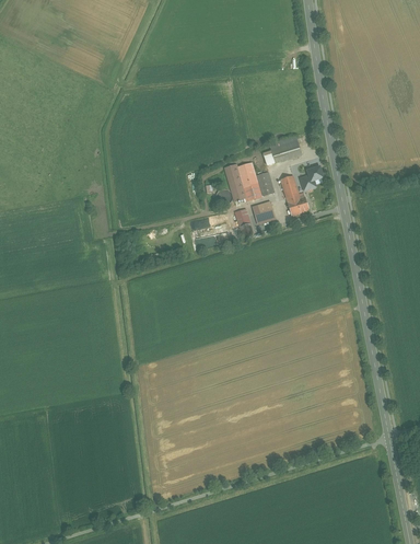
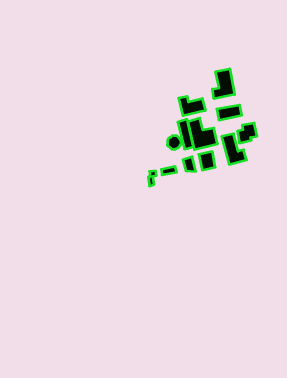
building: none -> [212,69,235,99]
building: none -> [179,96,205,116]

